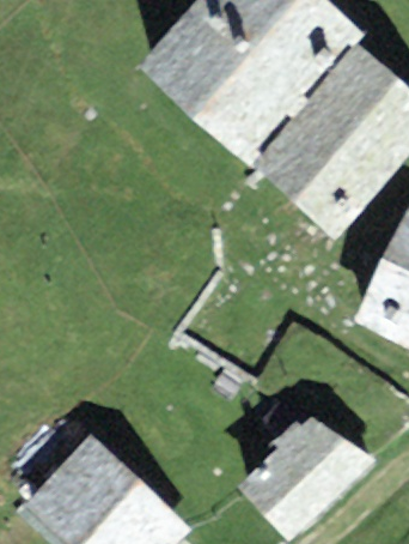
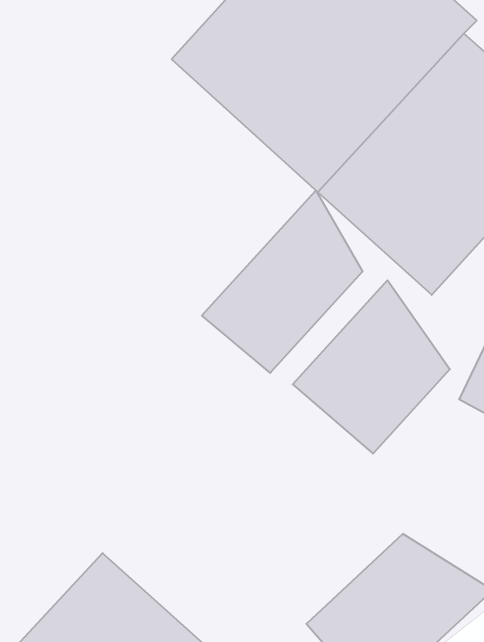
building: none -> [202,190,363,373]
building: none -> [293,280,450,454]

